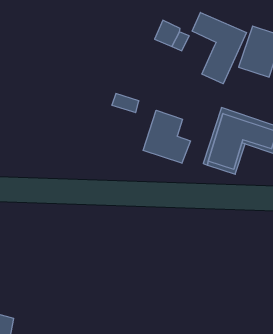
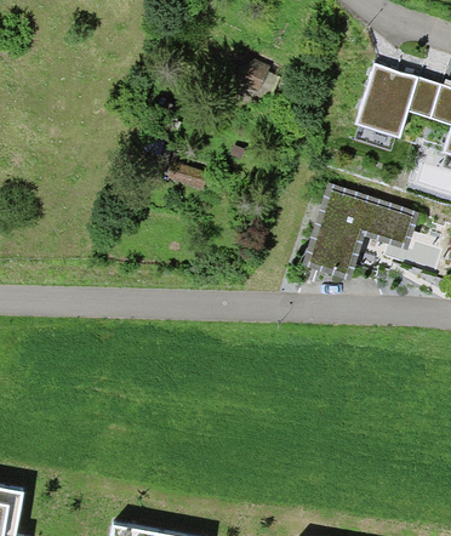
building: [192,12,247,84] -> none
building: [143,110,191,163] -> none

